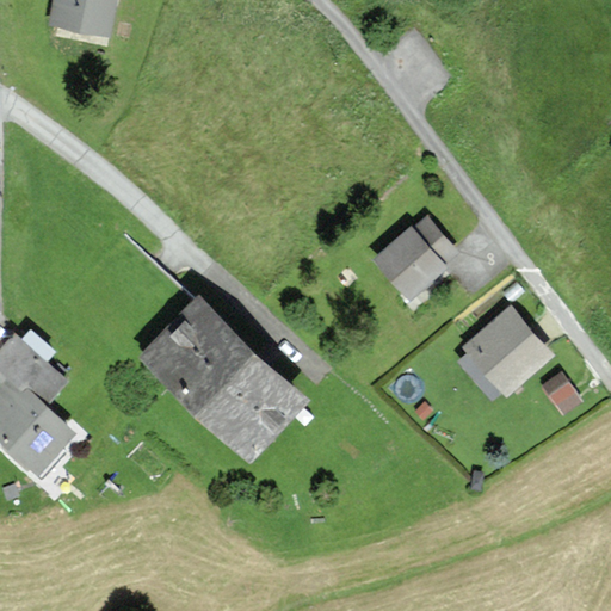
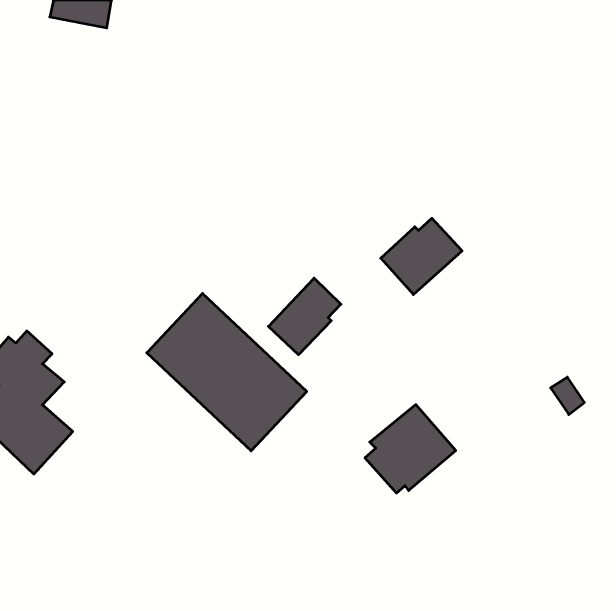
building: none -> [268,278,341,355]
building: [459,311,549,399] -> [365,405,456,493]

